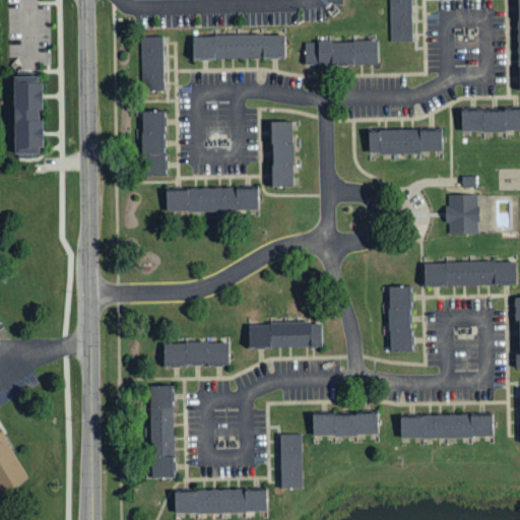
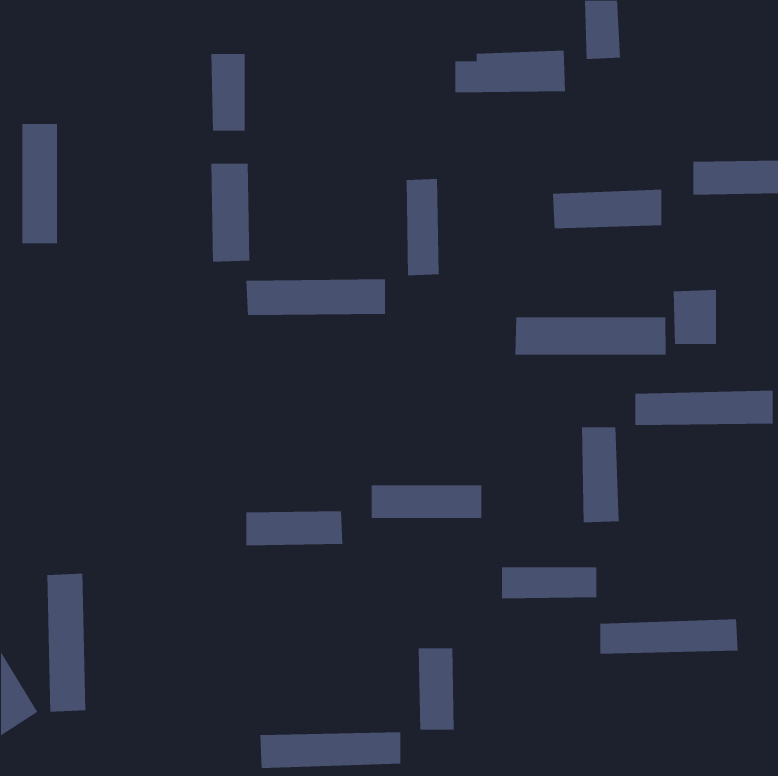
building: [193,35,284,59] -> none
building: none -> [515,317,666,356]
building: [149,386,176,478] -> [47,573,86,712]
building: [313,413,377,435] -> [501,567,597,599]

